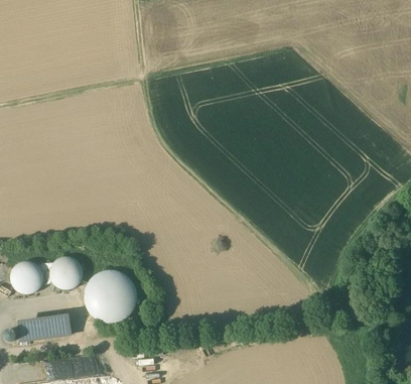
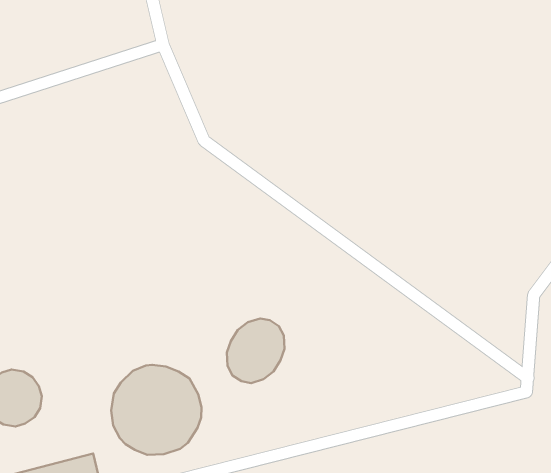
building: none -> [227,318,285,383]
building: [48,255,83,288] -> none

